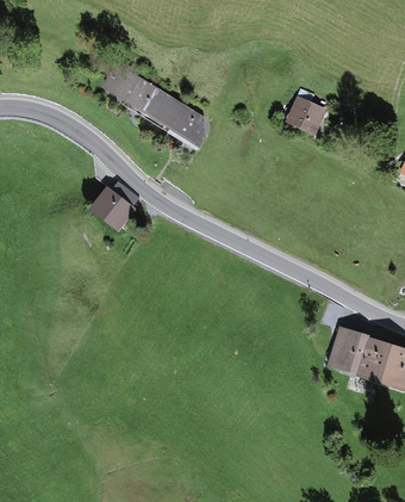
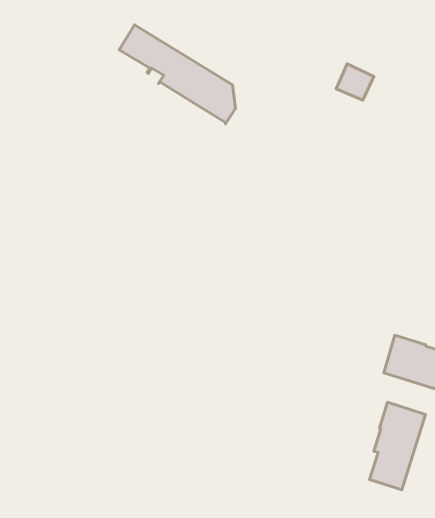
building: [93,190,132,225] -> none
building: none -> [369,402,425,490]

